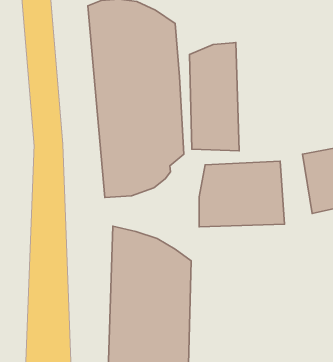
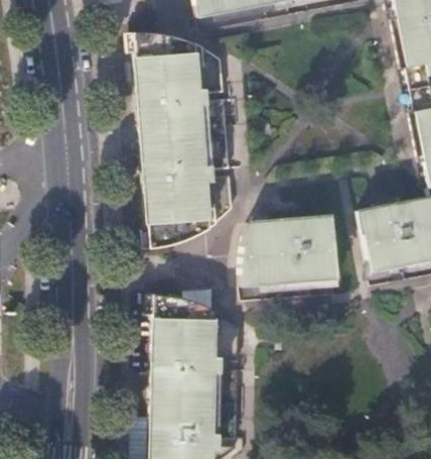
building: [190,43,239,151] -> none

